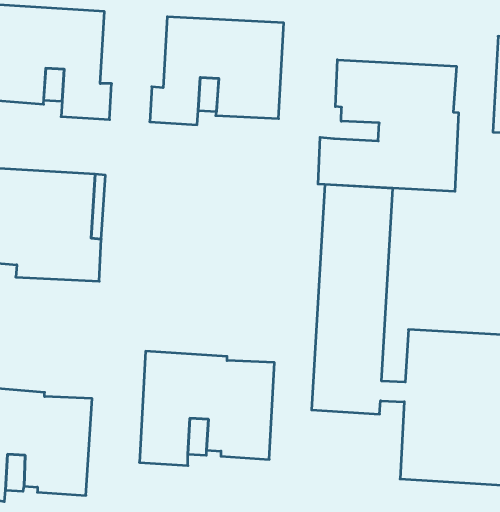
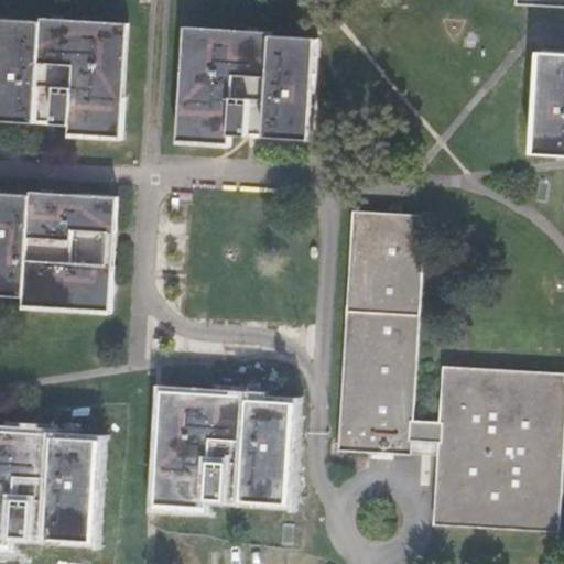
building: [318,60,458,191] -> none

